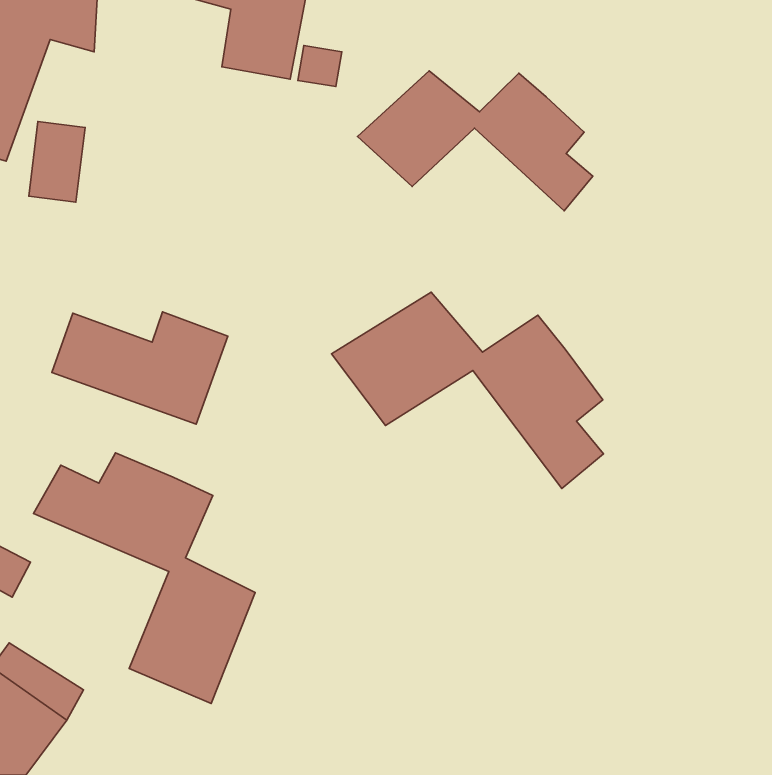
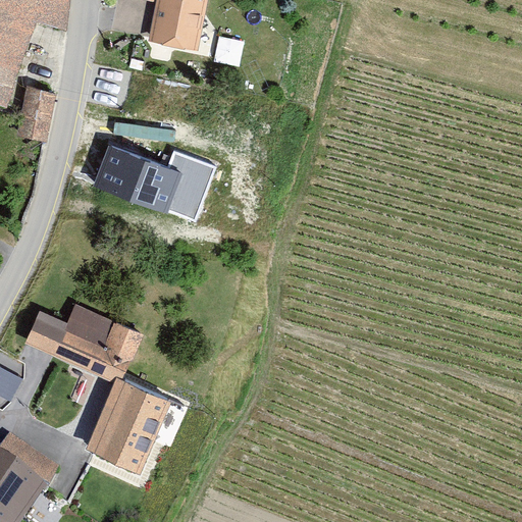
building: [358,71,593,211] -> none
building: [331,292,604,489] -> none
building: [52,312,228,424] -> [98,149,216,224]

